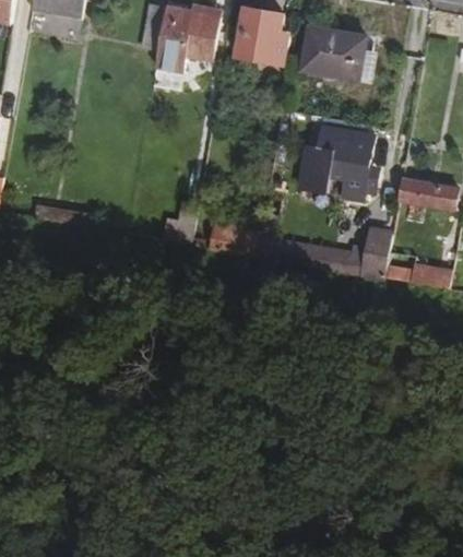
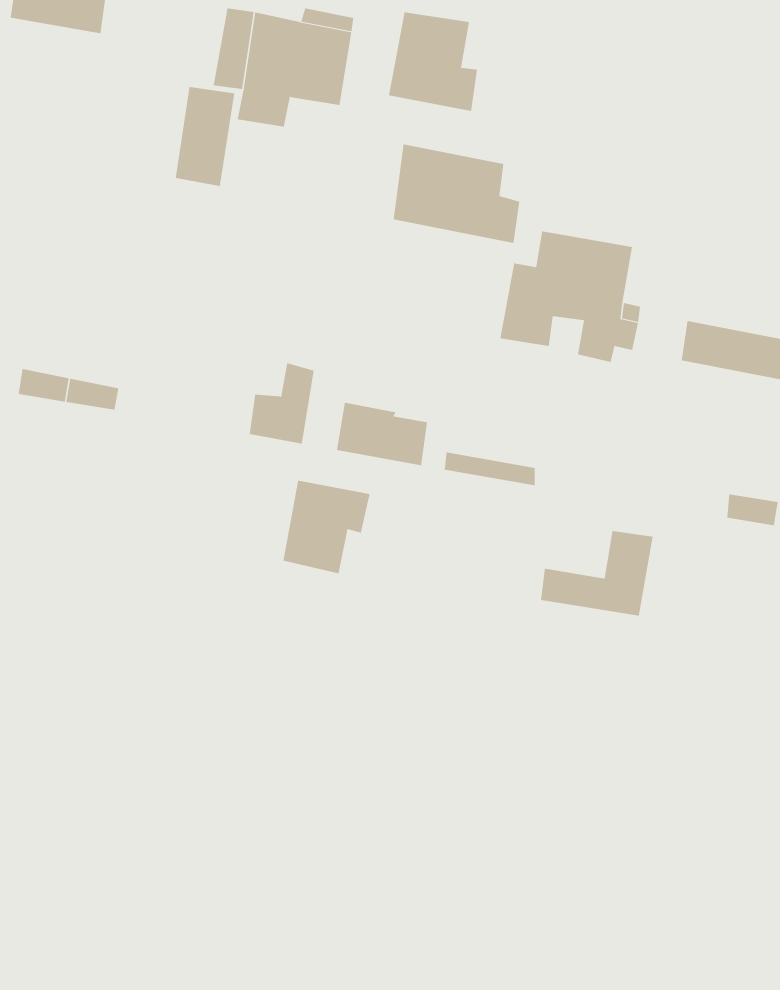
building: [302,25,372,80] -> [393,144,520,243]
building: none -> [175,86,235,187]
building: [329,232,391,278] -> [540,530,654,616]
building: none -> [283,480,370,574]

